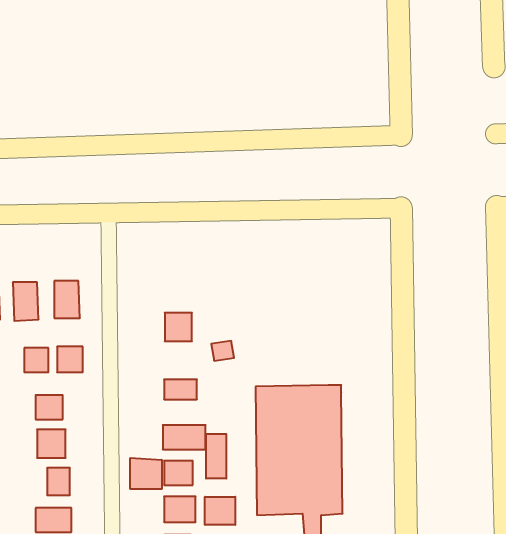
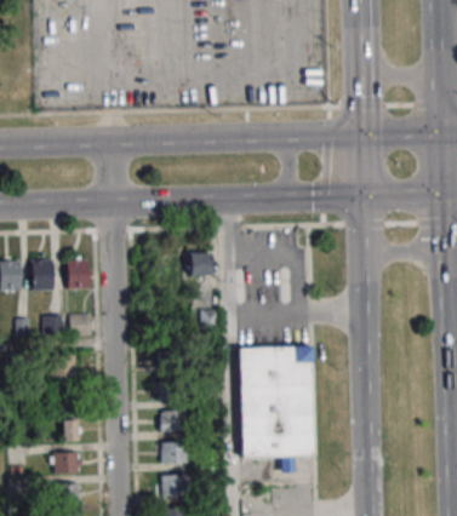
building: [165,313,192,341] -> [188,251,211,275]
building: [206,434,226,479] -> none
building: [130,458,162,489] -> none
building: [205,497,235,525] -> none

